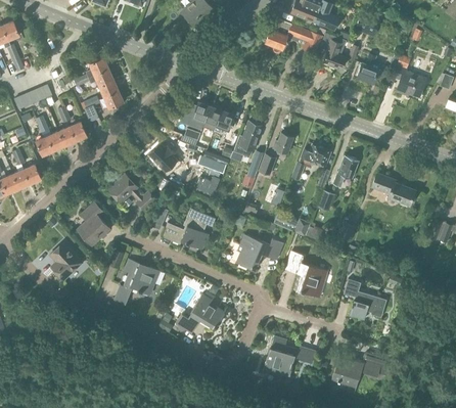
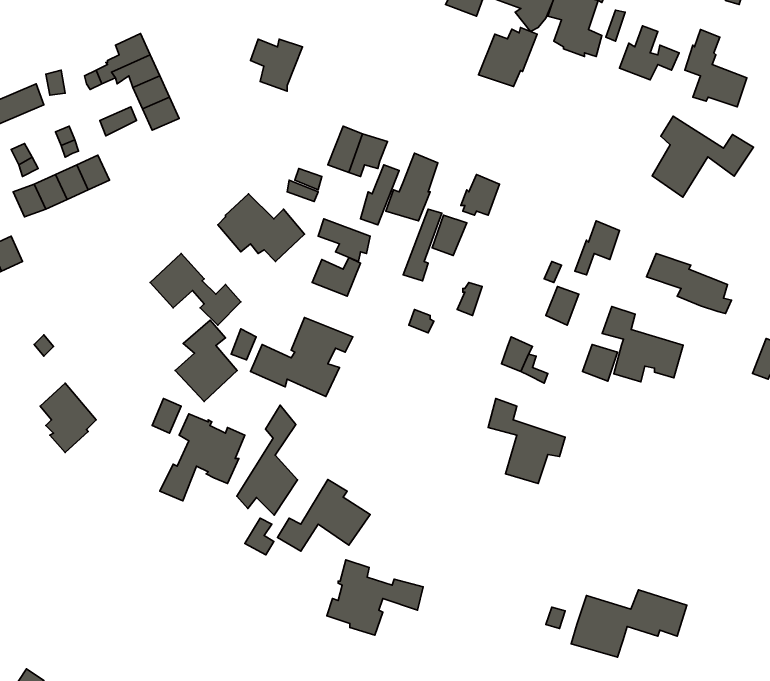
building: none -> [479,28,537,87]
building: none -> [652,116,754,197]
building: [183,102,211,130] -> [250,39,302,91]
building: [291,144,330,180] -> none
building: [77,202,109,245] -> [175,320,237,401]
building: [236,234,283,269] -> none
building: none -> [237,405,297,515]
building: [344,279,386,319] -> [602,306,683,382]
building: [264,336,315,376] -> [327,560,423,635]

